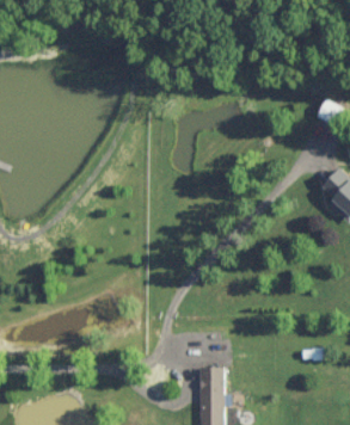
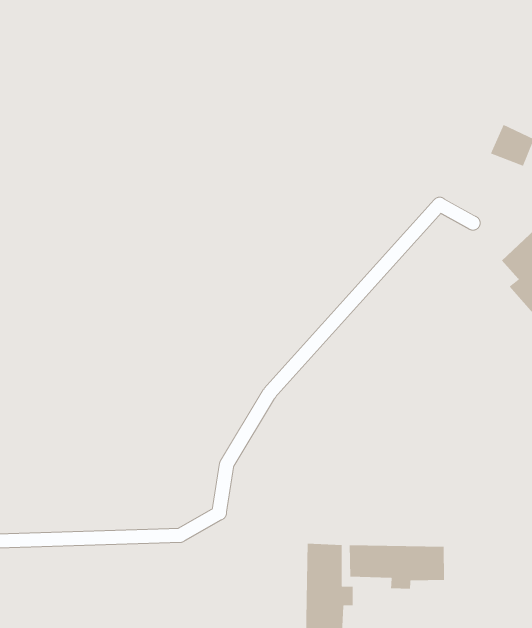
building: none -> [349,544,445,590]

